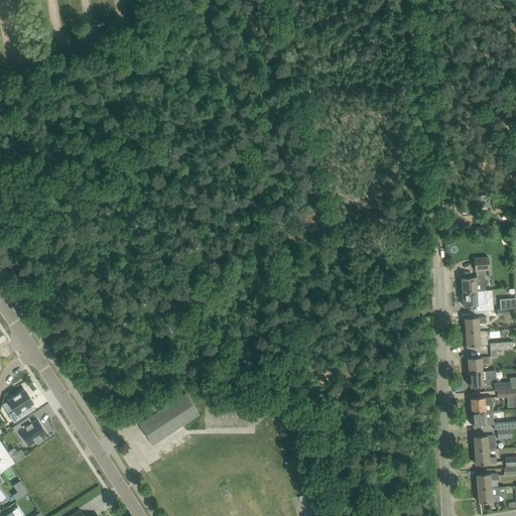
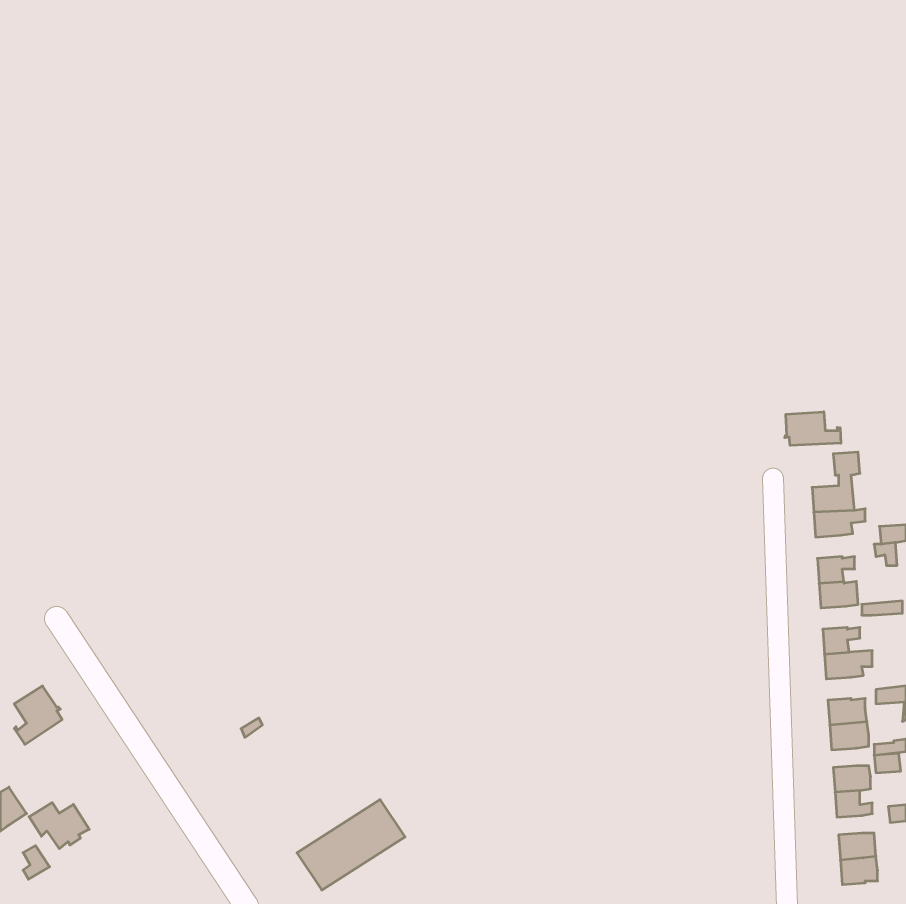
building: none -> [785,412,841,445]
building: [138,394,200,445] -> [297,800,405,890]
building: [12,419,46,445] -> [29,803,89,849]

